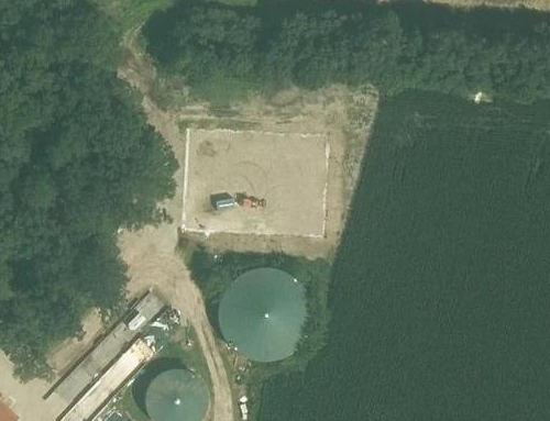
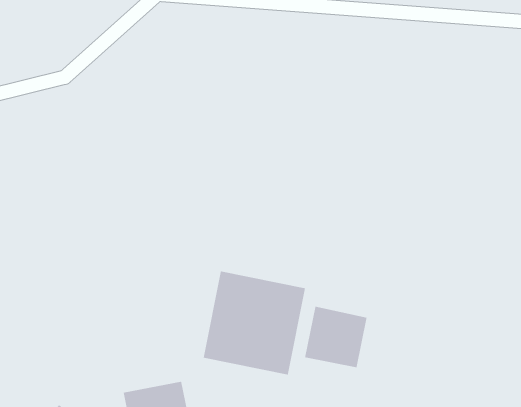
building: none -> [305,306,367,368]

